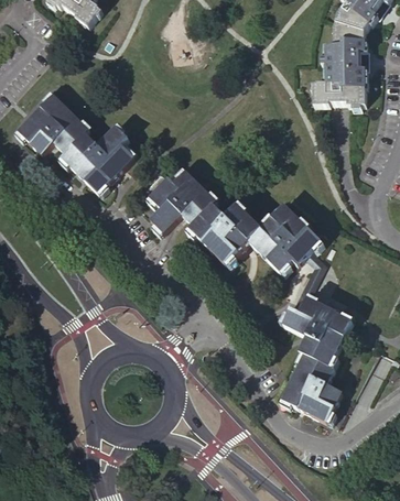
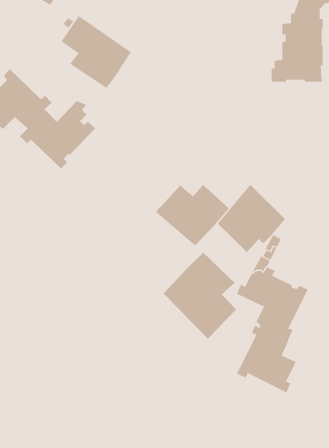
building: none -> [61,15,131,89]
building: [143,165,218,240] -> none
building: none -> [163,252,237,339]

